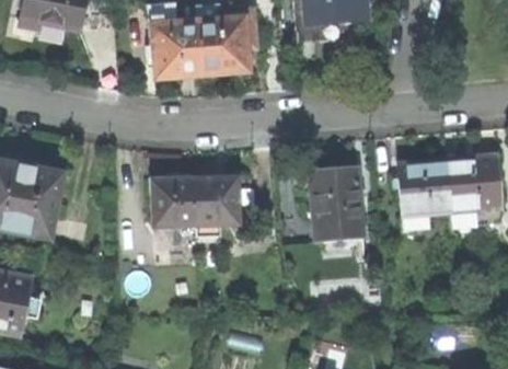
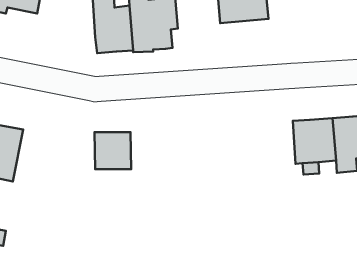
building: [310,165,362,240] -> none
building: [196,175,238,235] -> none

